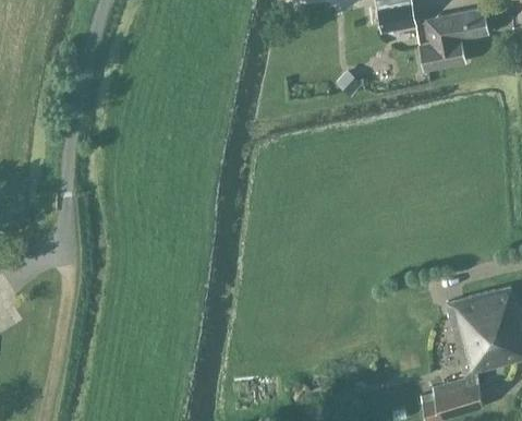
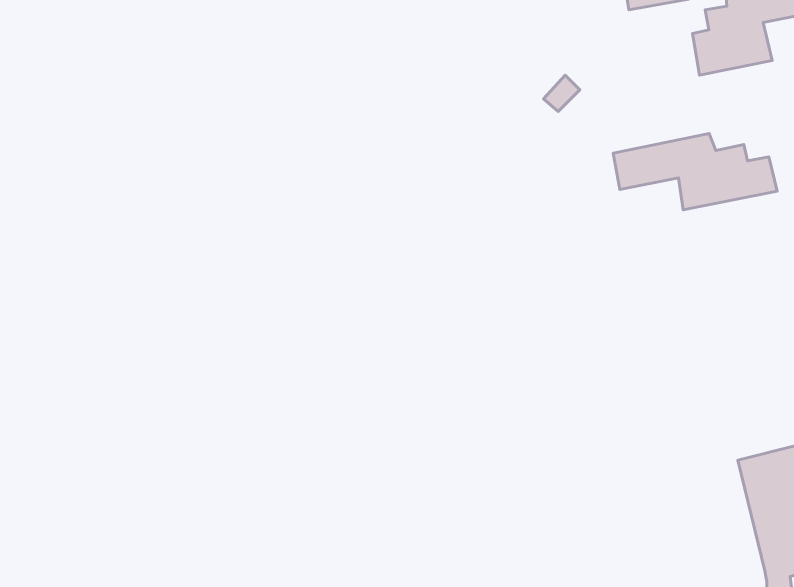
building: none -> [613,134,777,210]

